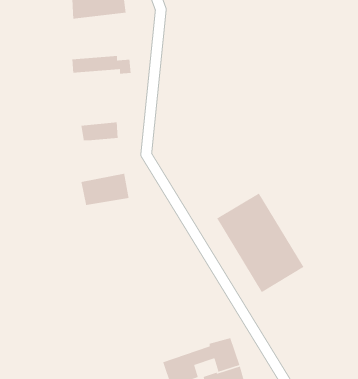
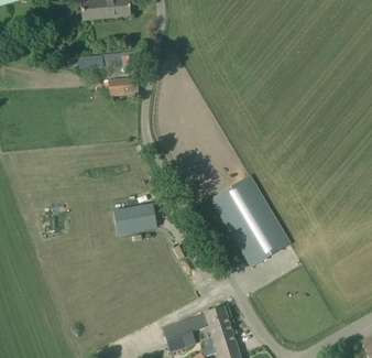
building: [81,121,119,141] -> [102,77,136,95]
building: [80,173,130,206] -> [112,203,156,232]

